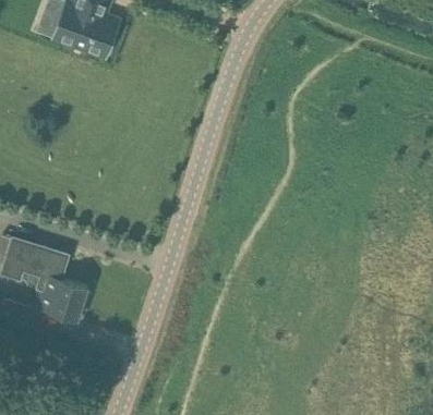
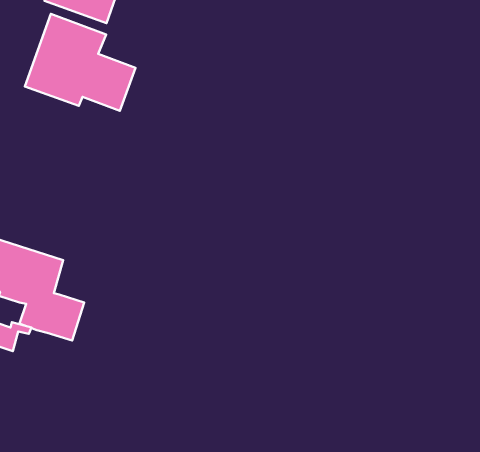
building: none -> [25,14,135,111]

